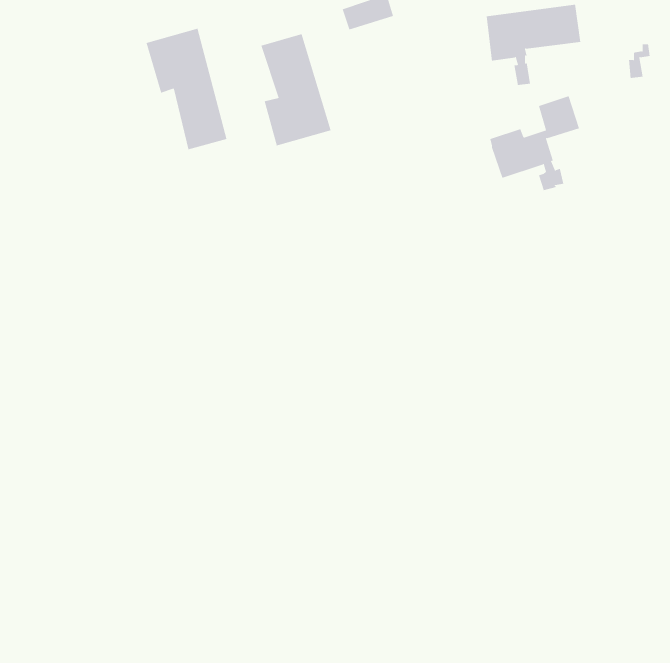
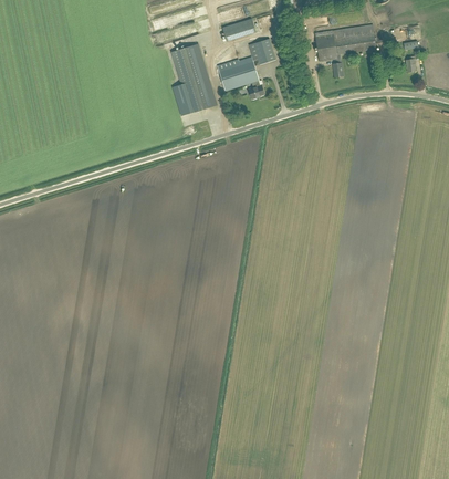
building: [146,28,227,150] -> none
building: [490,95,580,191] -> [217,38,274,98]

